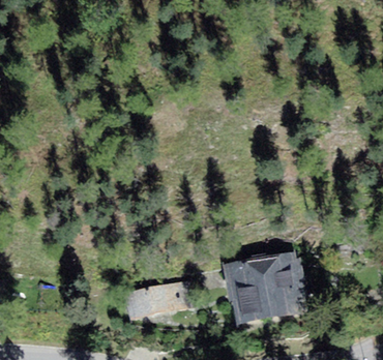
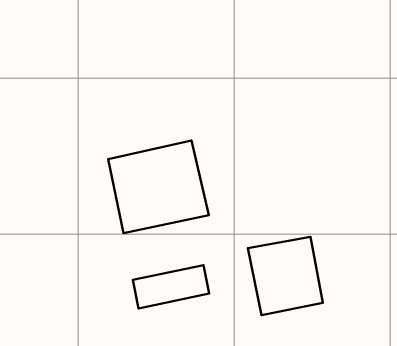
building: none -> [108,141,209,233]

